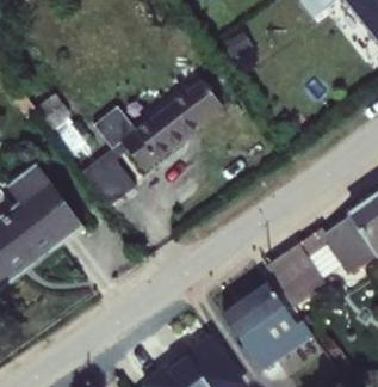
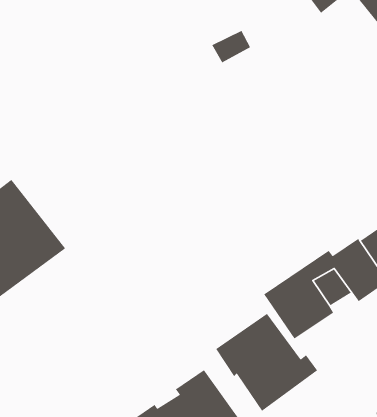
building: [83,79,224,205] -> none

